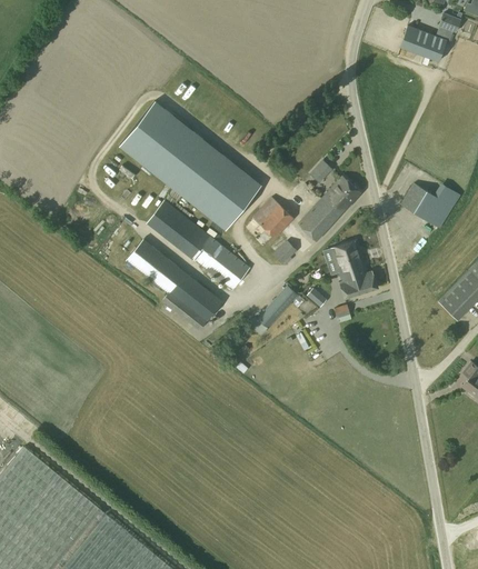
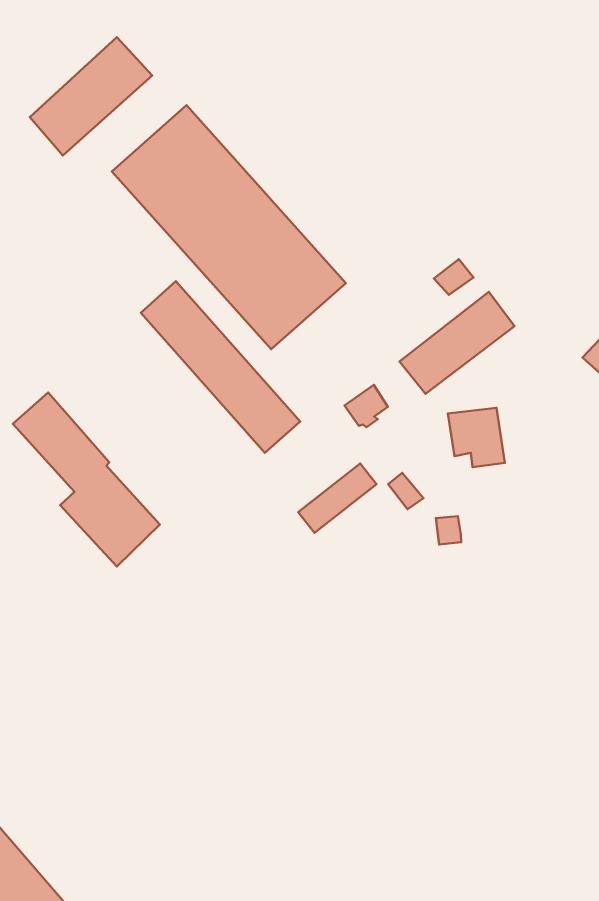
building: none -> [30,37,152,156]
building: [250,197,292,239] -> none
building: [128,240,220,331] -> [13,392,160,566]
building: [339,269,377,299] -> none

